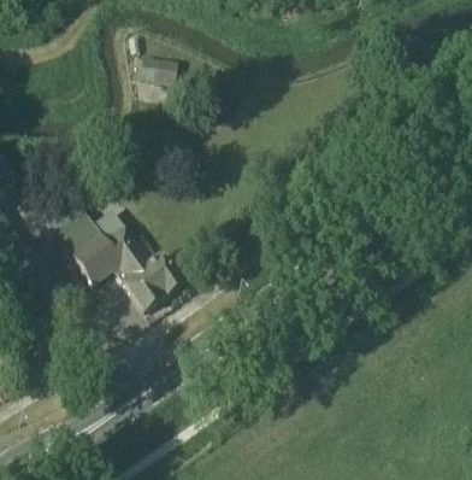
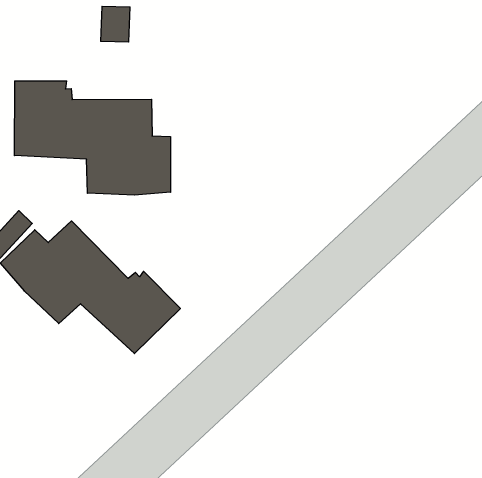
building: none -> [14,81,171,195]

